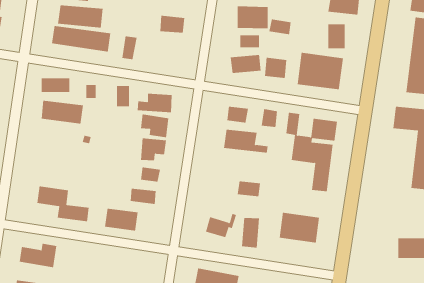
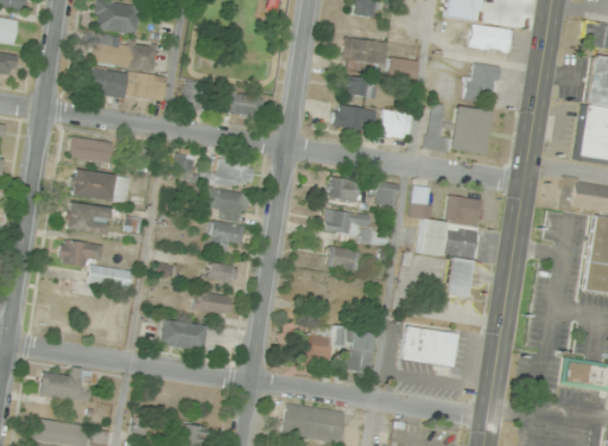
building: [160,15,185,33] -> [228,94,264,119]
building: none -> [66,203,113,235]
building: [237,181,261,197] -> [328,247,361,269]
building: [36,186,89,222] -> [59,240,133,289]

